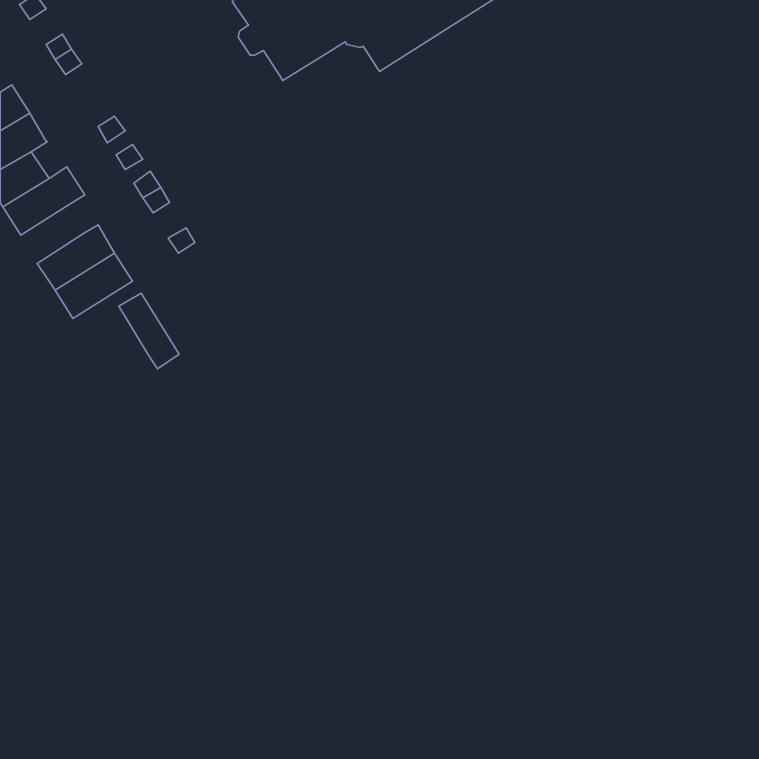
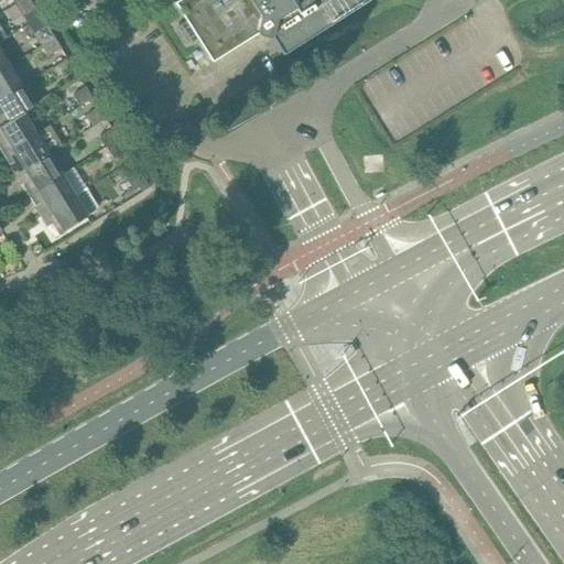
building: none -> [17,153,63,195]
building: [119,293,179,369] -> none

